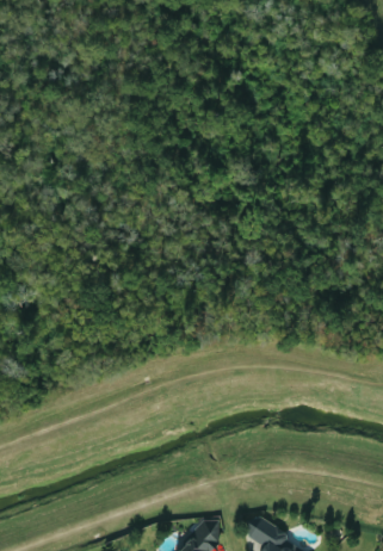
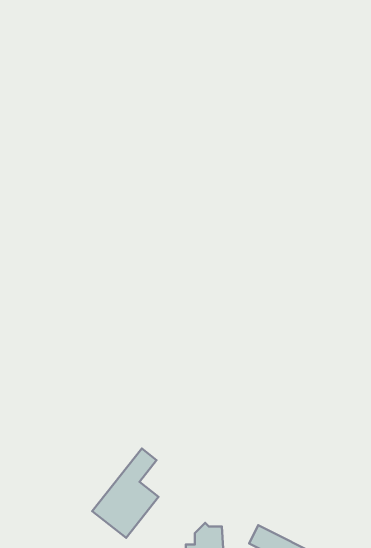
building: none -> [92,448,159,538]

